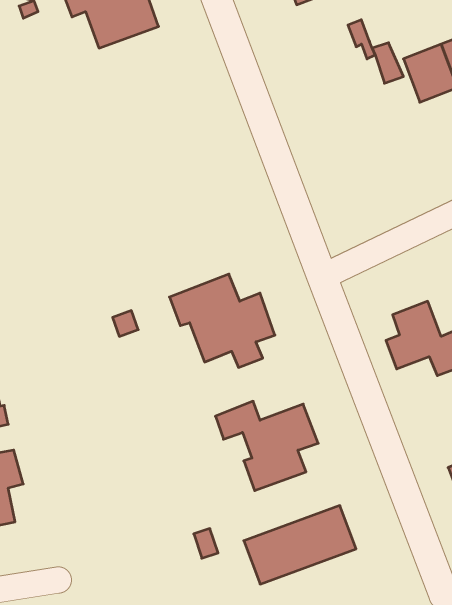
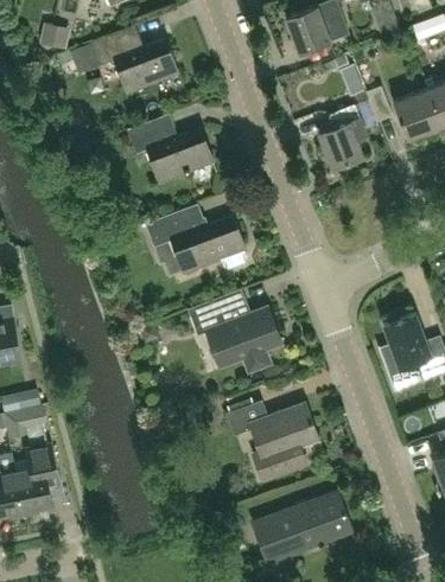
building: none -> [319,107,365,167]
building: none -> [127,114,212,183]
building: none -> [145,204,246,273]

